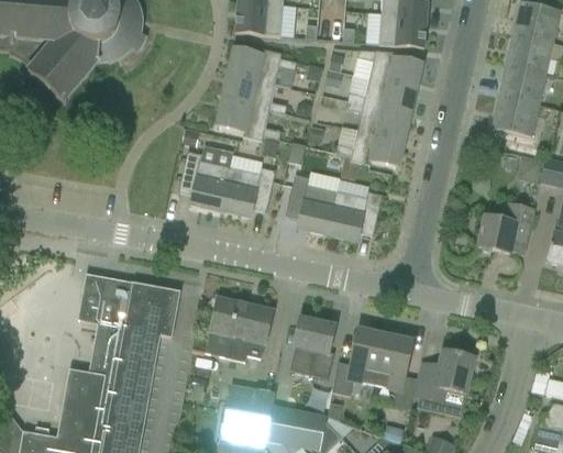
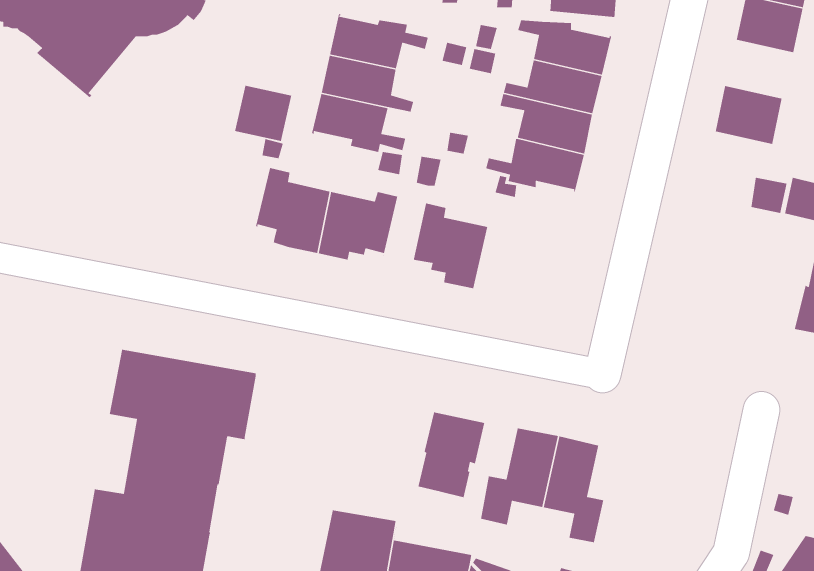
building: [499,64,547,103] -> none
building: none -> [234,85,292,142]
building: [328,191,383,239] -> none
building: [478,203,533,253] -> none
building: [206,298,273,361] -> none
building: [415,350,475,401] -> none

